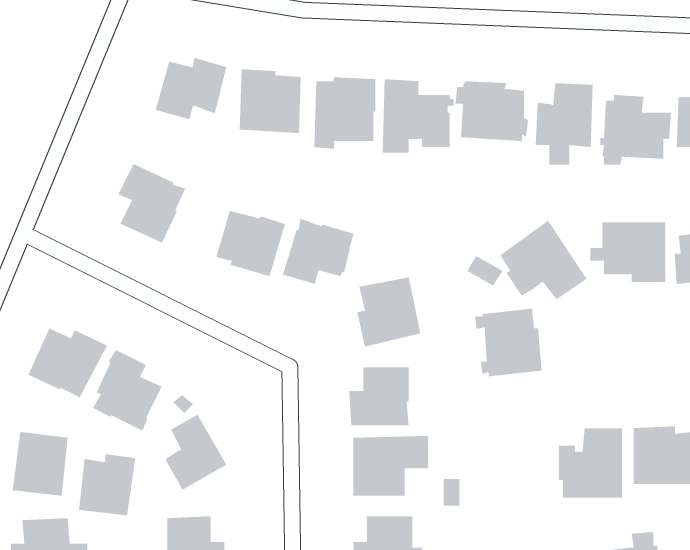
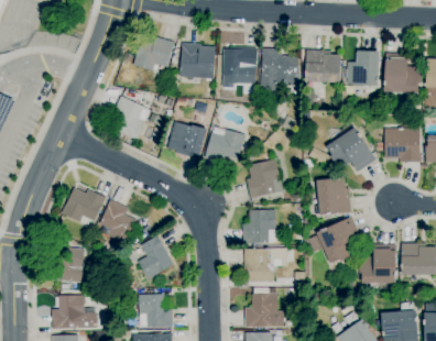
building: none -> [308,216,368,263]
building: [79,453,136,516] -> none

